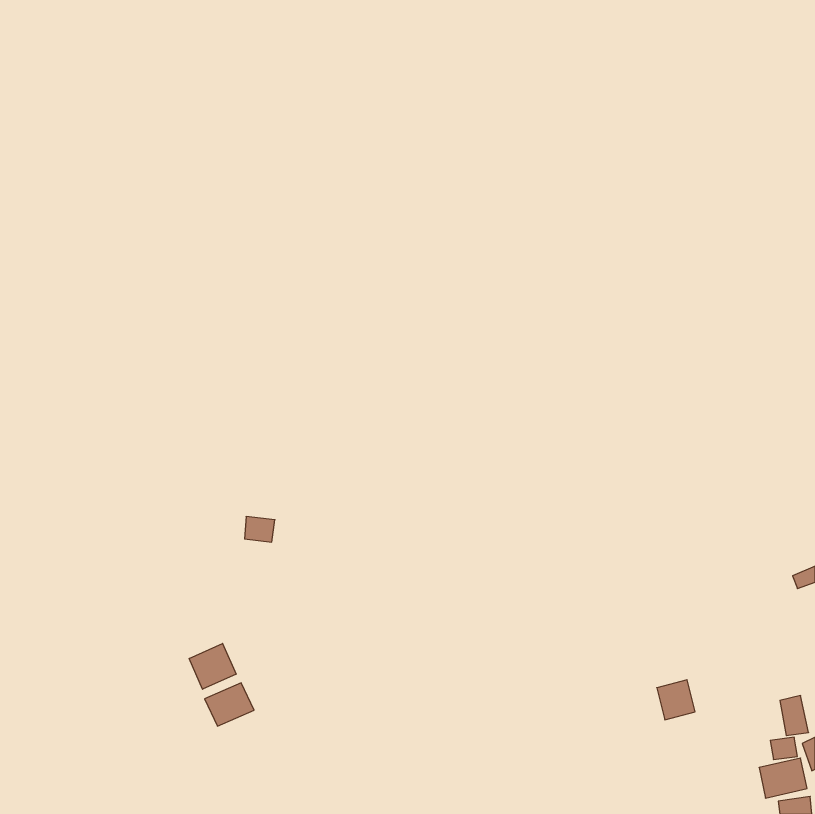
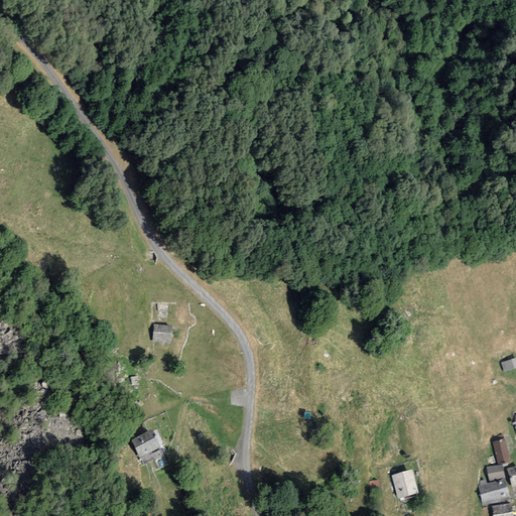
building: [189,643,236,689] -> none
building: [657,680,695,720] -> [395,471,419,496]

